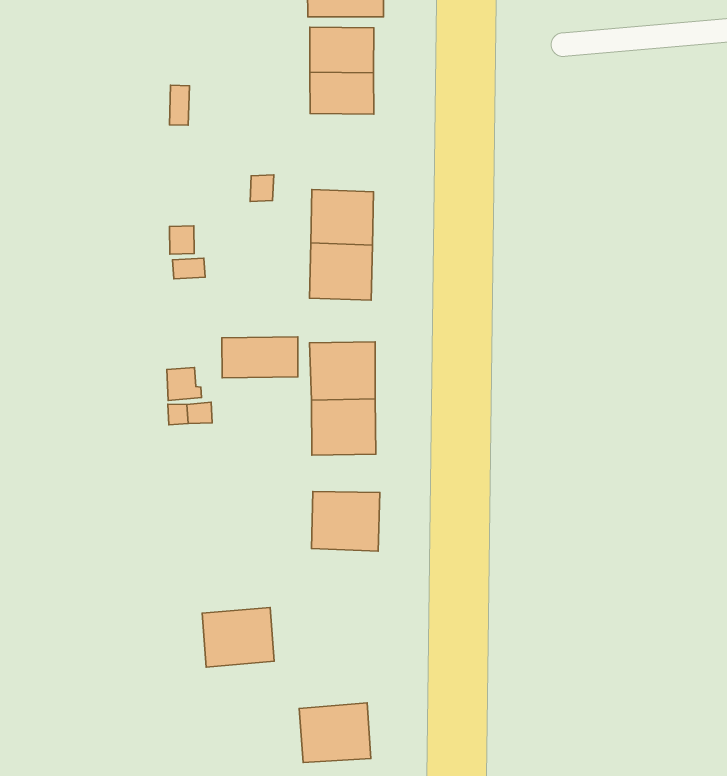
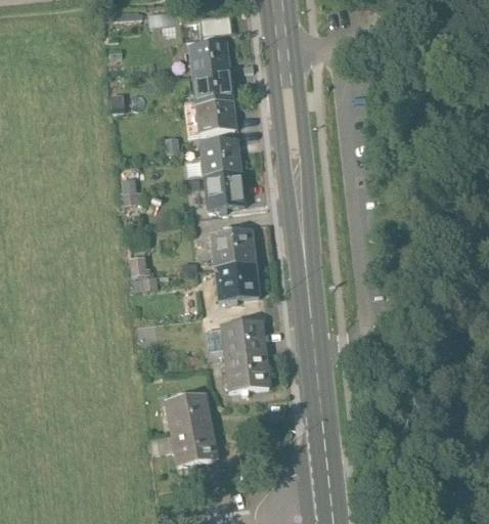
building: none -> [194,92,235,132]
building: [222,337,298,378] -> none
building: none -> [225,351,268,389]
building: [299,703,371,763] -> [171,424,217,464]

